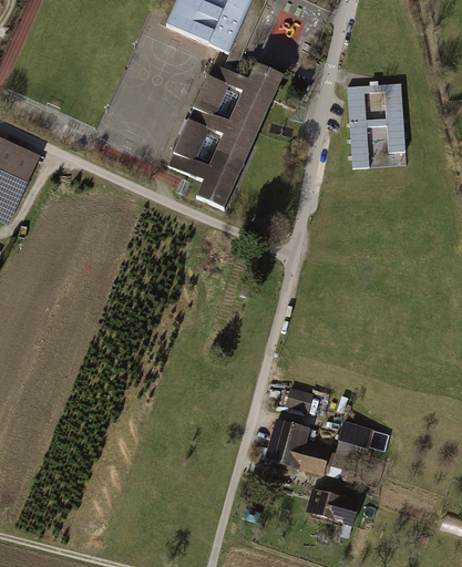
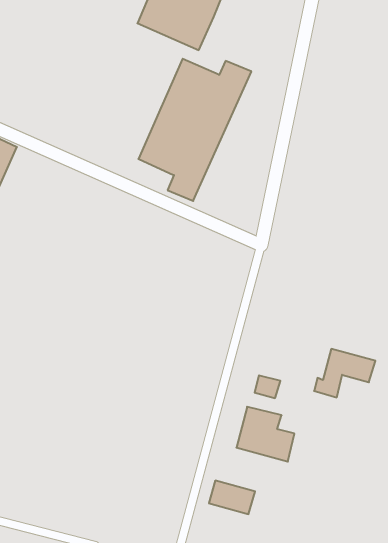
building: [346,83,405,167] -> none
building: [324,421,387,471] -> [314,349,375,397]
building: [310,488,358,523] -> [209,481,255,514]

